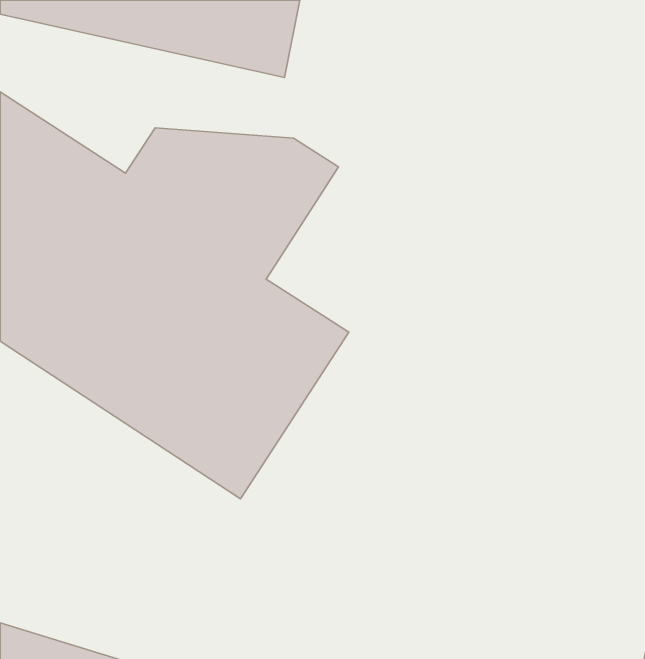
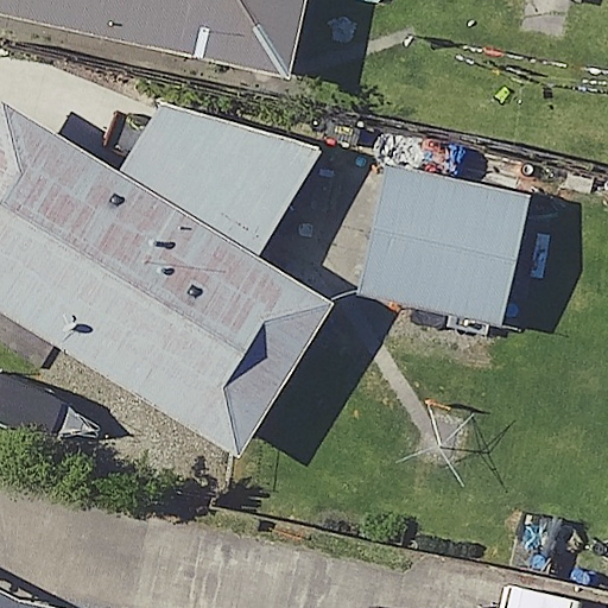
building: none -> [353,162,527,323]

